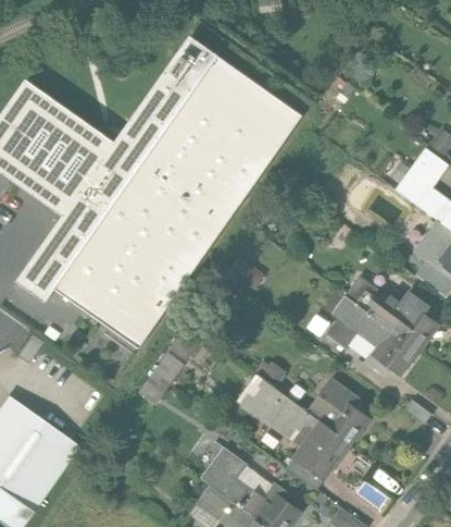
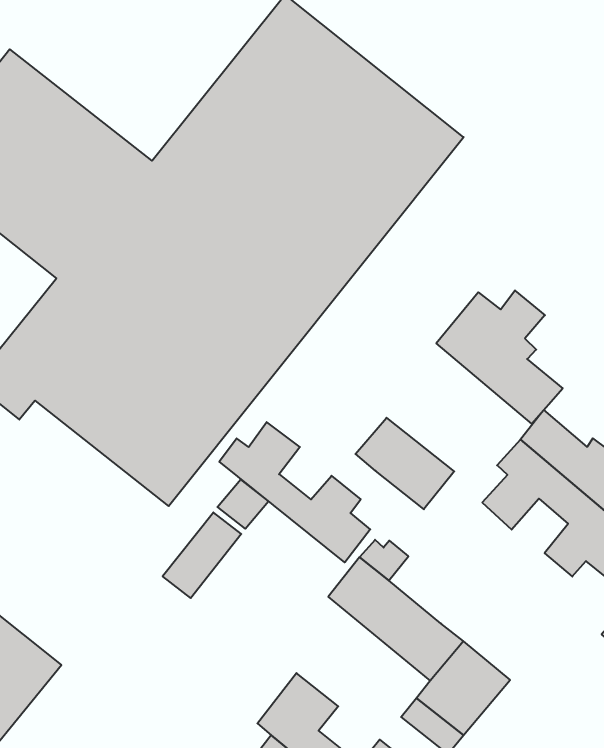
building: none -> [436,290,563,424]
building: none -> [355,418,454,509]
building: none -> [219,422,370,562]
building: [305,376,366,441] -> none

